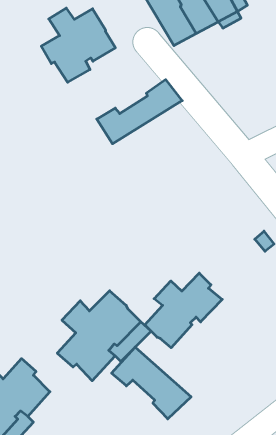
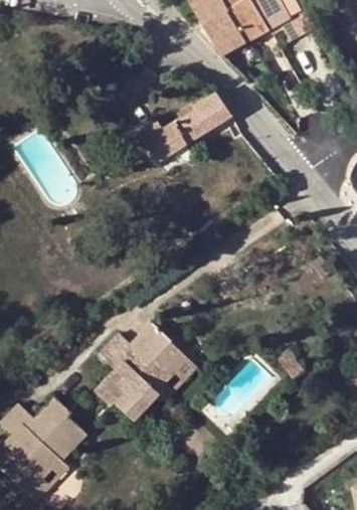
building: [41,8,115,82] -> none
building: [145,273,222,348] -> none
building: [112,347,191,419] -> none

